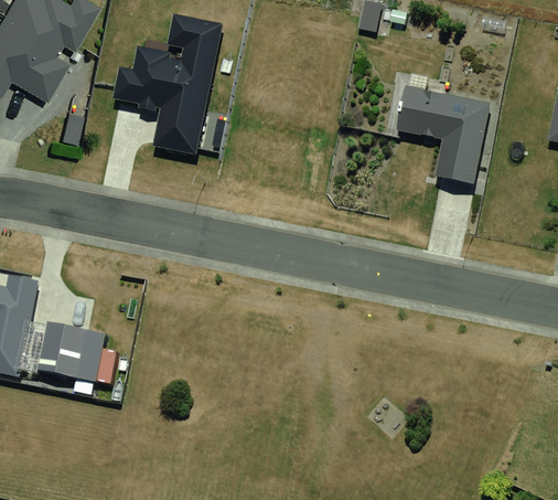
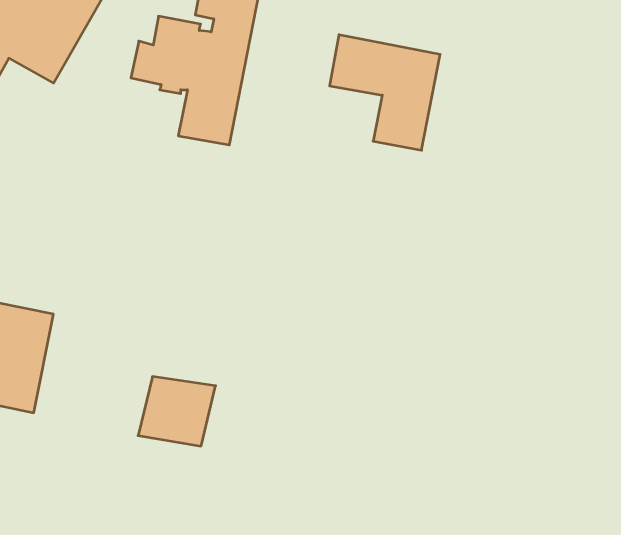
building: [396,86,489,183] -> [330,35,440,150]
building: [52,325,117,383] -> [138,377,216,446]

